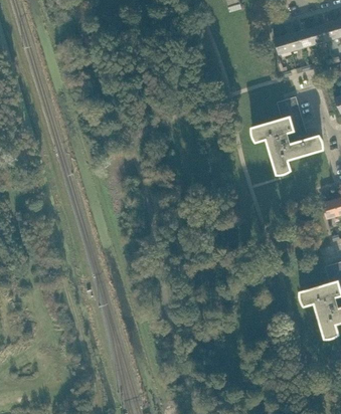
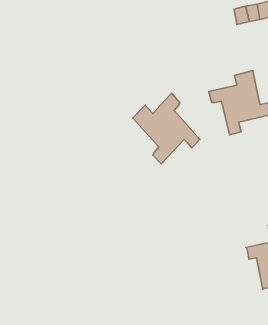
building: none -> [133,93,200,164]

